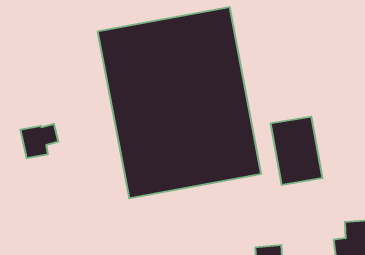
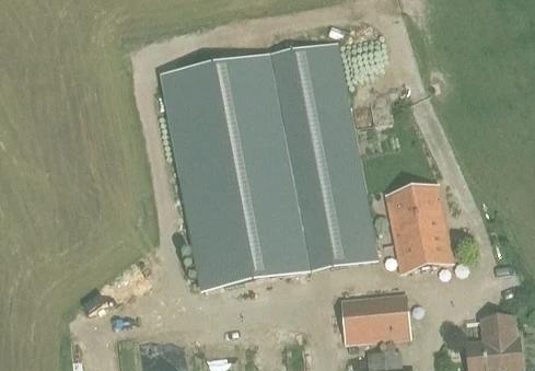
building: [21,124,58,158] -> none
building: none -> [340,291,410,343]

